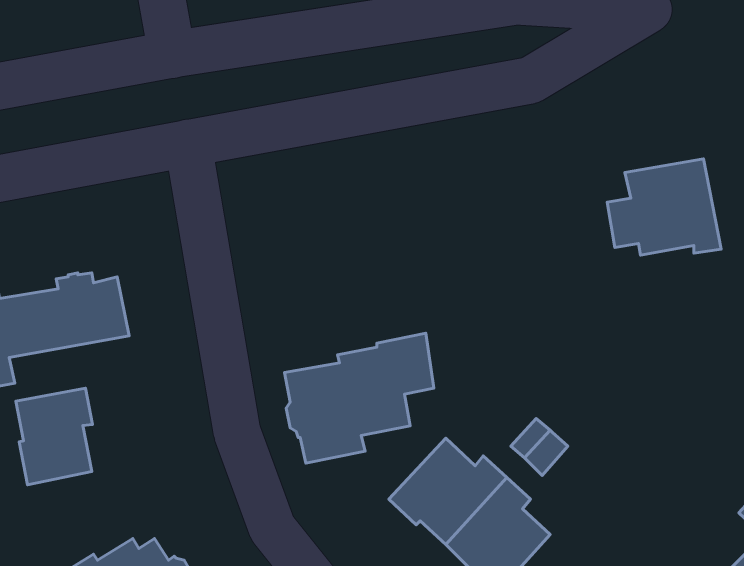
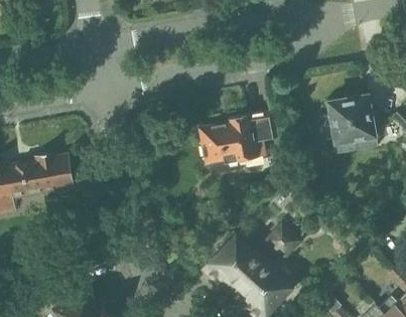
building: [284,333,434,463] -> [200,109,277,175]
building: [16,388,93,485] -> none

